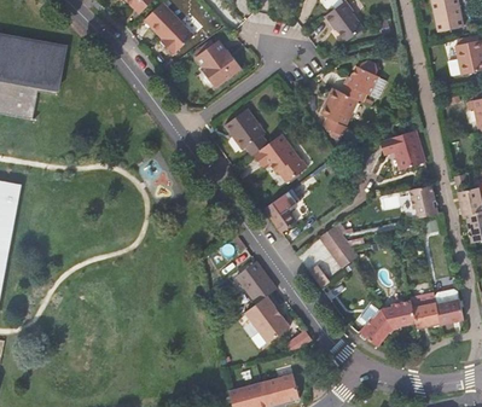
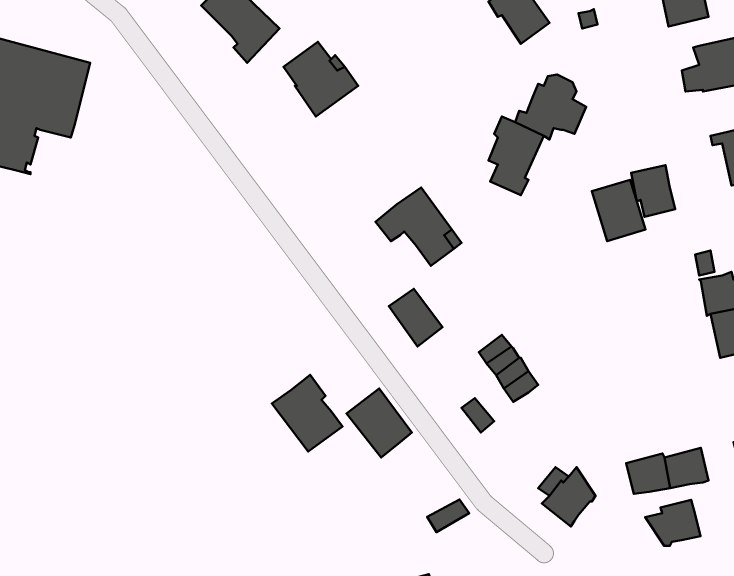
building: [223,107,267,155] -> none
building: [410,182,437,215] -> [631,165,675,217]
building: [245,292,290,341] -> [272,375,343,451]
building: [381,297,416,326] -> [645,500,701,546]

